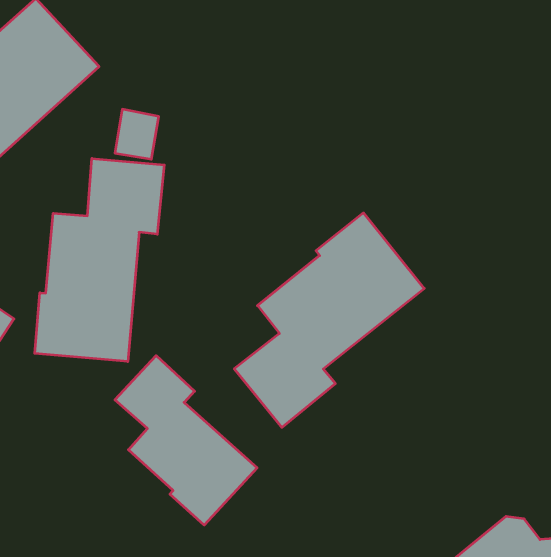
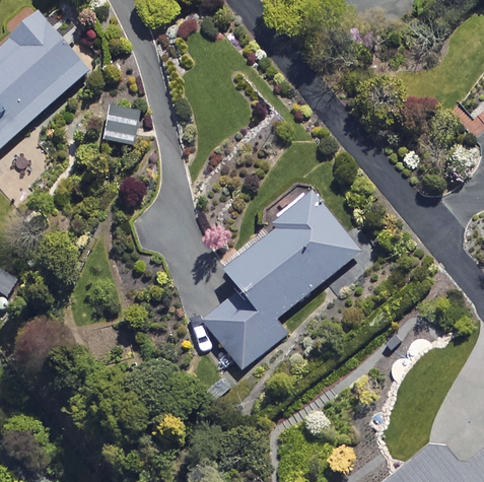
building: [35,158,164,362] -> none
building: [115,356,257,525] -> none

